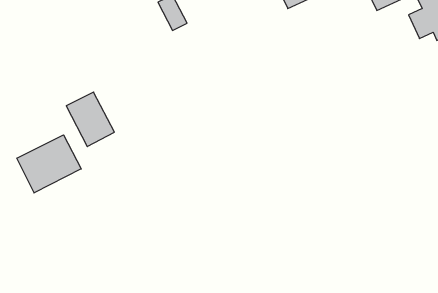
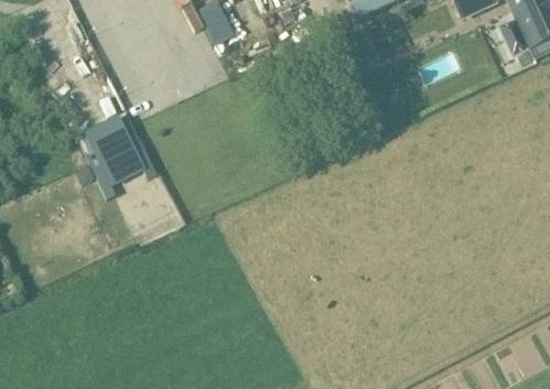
building: [17,135,81,193] -> none

